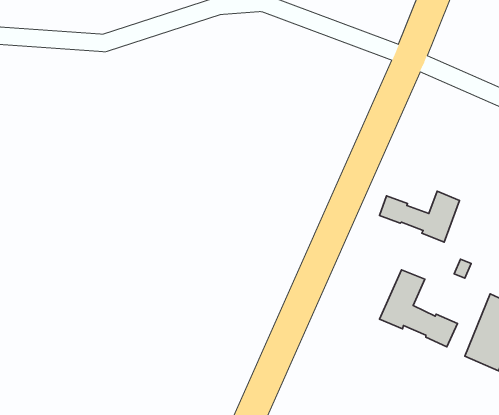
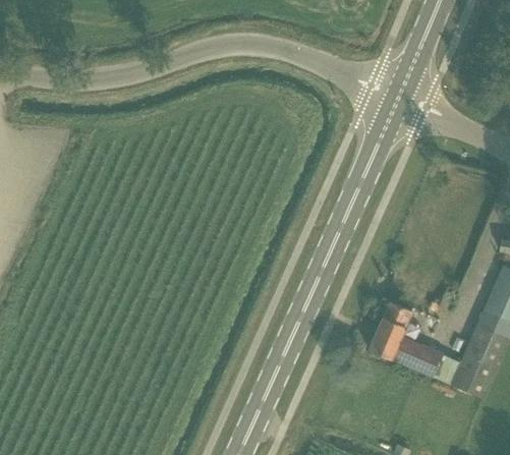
building: [380,191,459,242] -> none

